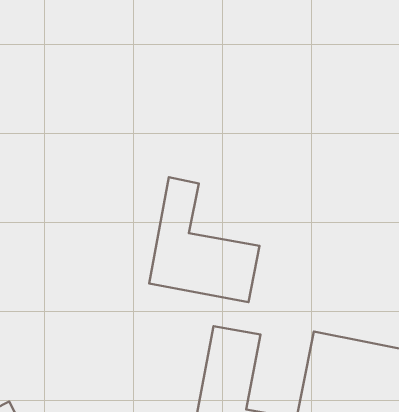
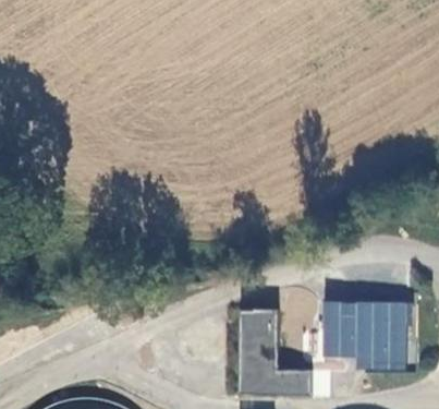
building: [149,177,260,302] -> none

